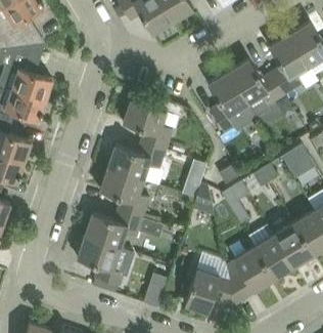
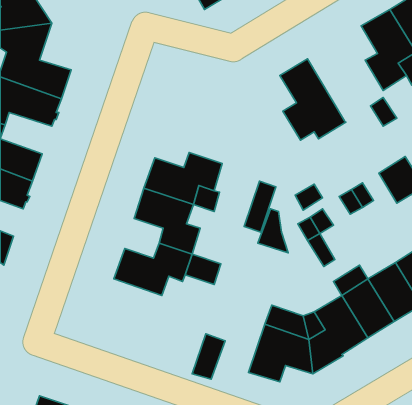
building: [229,59,285,118] -> none
building: [123,99,173,150] -> none
building: [78,236,127,286] -> none

